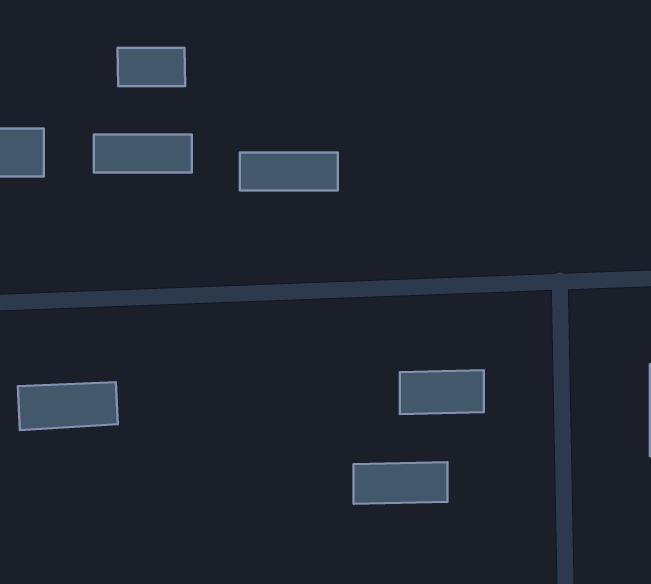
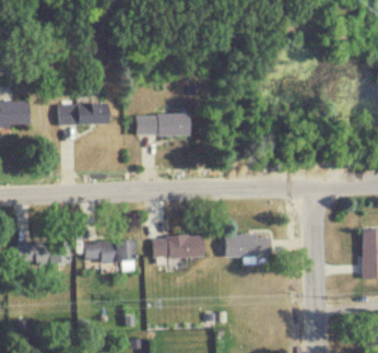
building: [118,48,185,86] -> none
building: none -> [83,238,135,262]
building: [353,462,447,504] -> [152,235,203,258]

